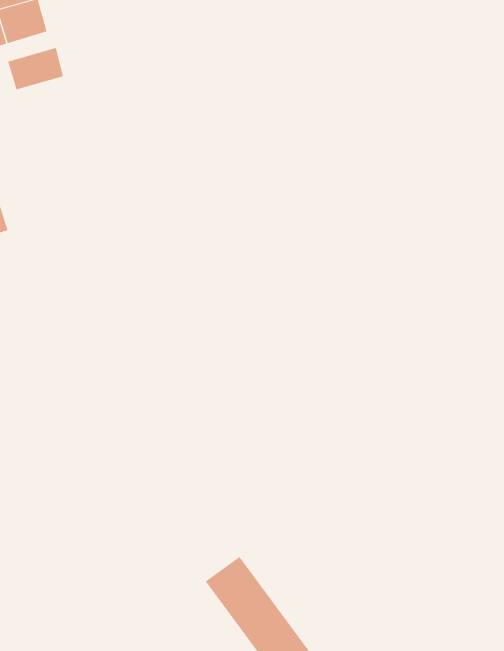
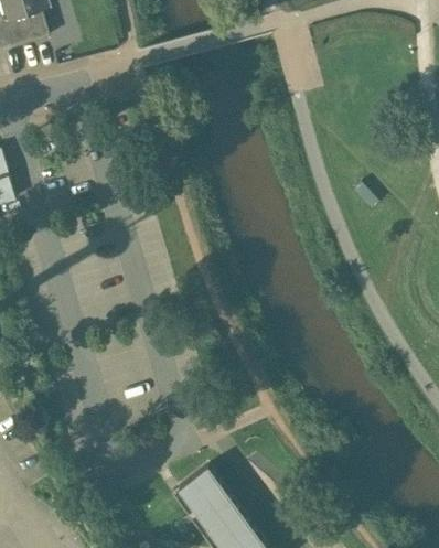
building: [7,47,64,90] -> none

